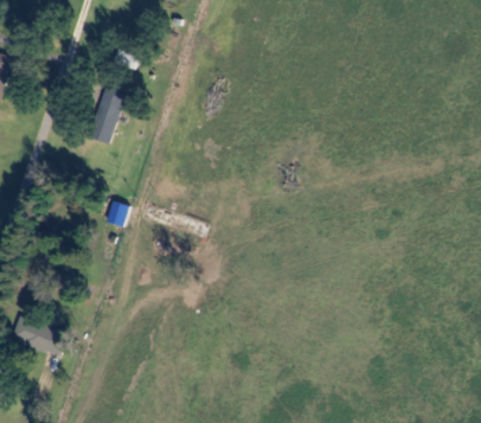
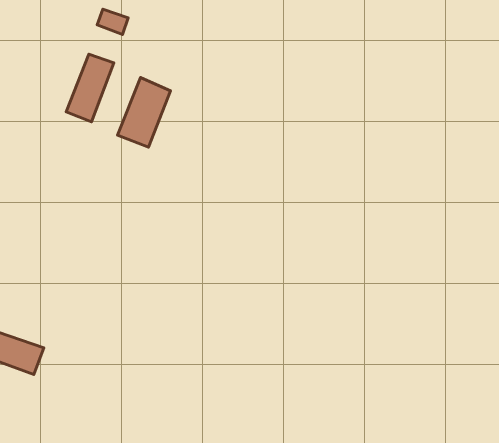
building: none -> [117,78,170,147]

